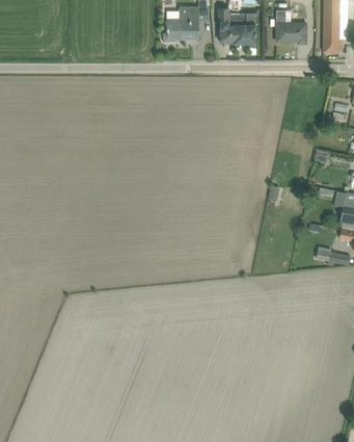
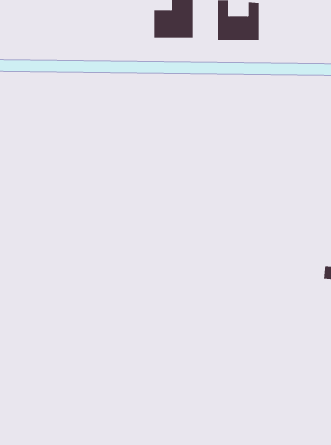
building: [275,23,306,44] -> none

